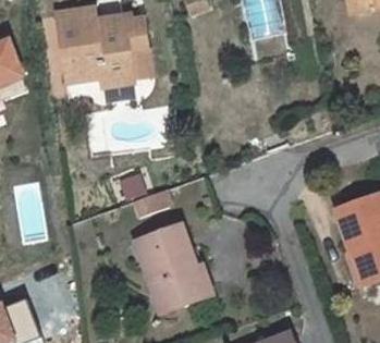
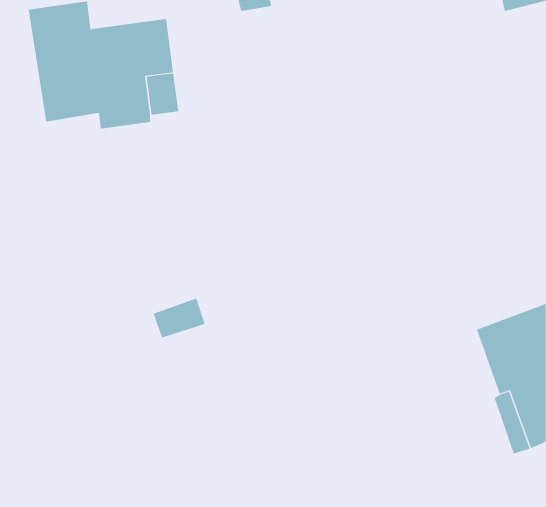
building: [136,223,213,311] -> none

